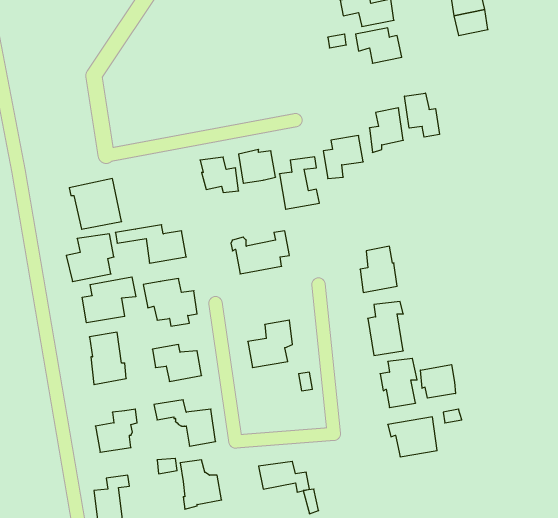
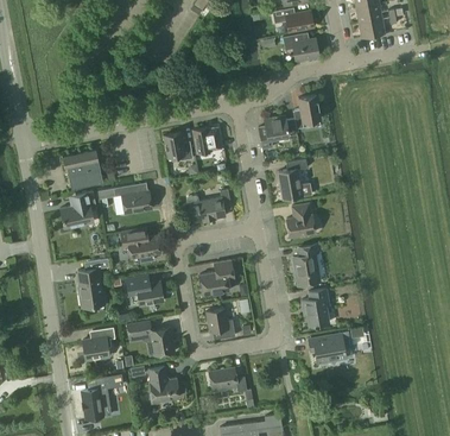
building: [405,93,439,137] -> none
building: [279,157,319,209] -> [278,158,309,198]
building: [82,277,136,323] -> none
building: [420,365,455,398] -> none
building: none -> [205,308,235,339]

